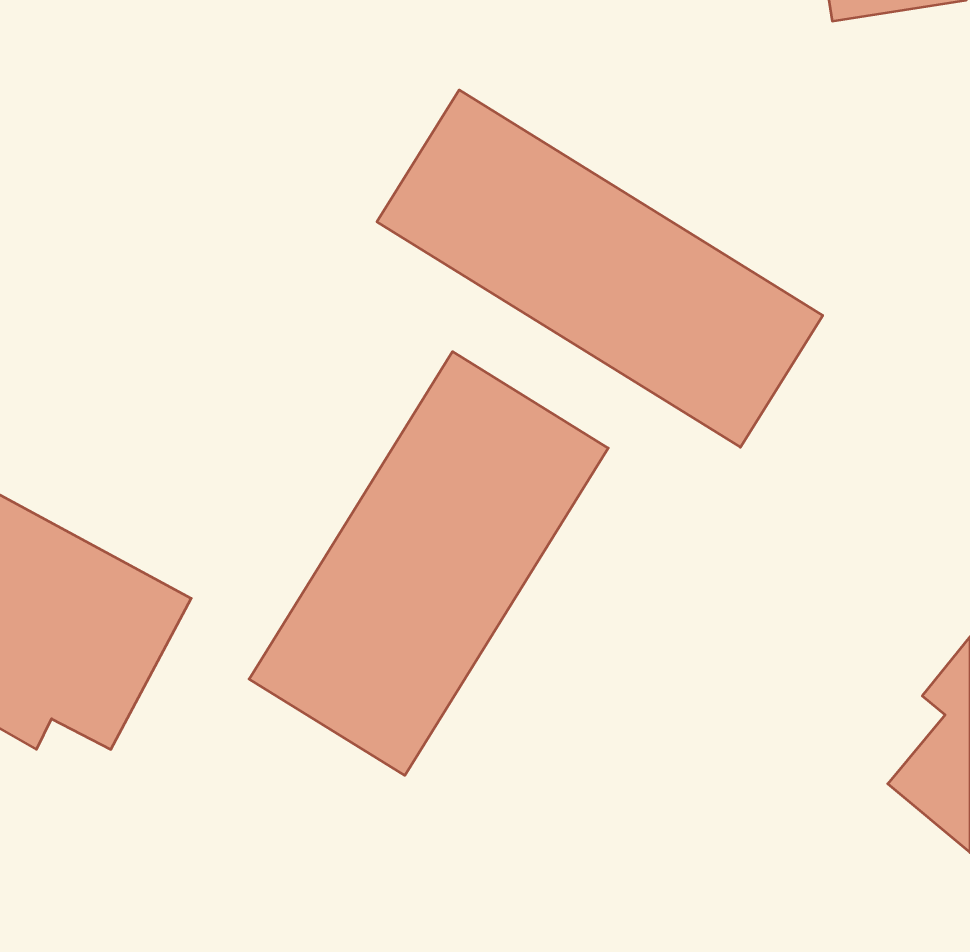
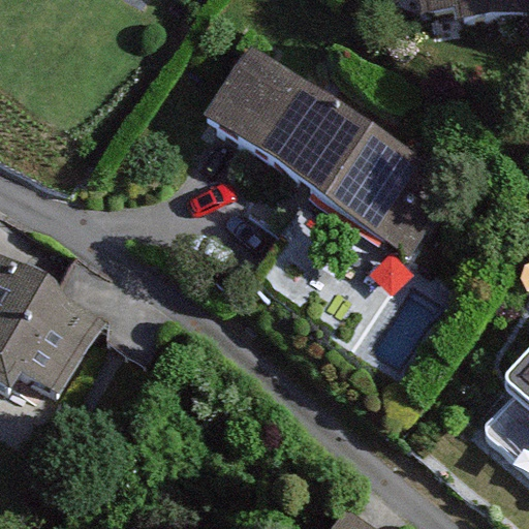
building: [249,352,608,775] -> none

